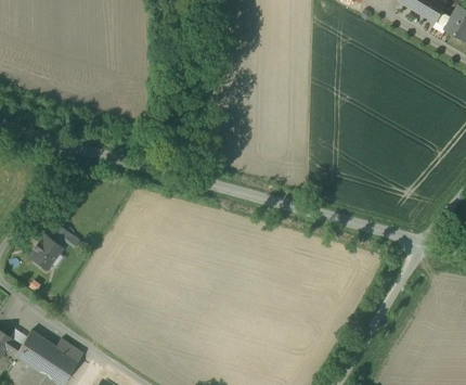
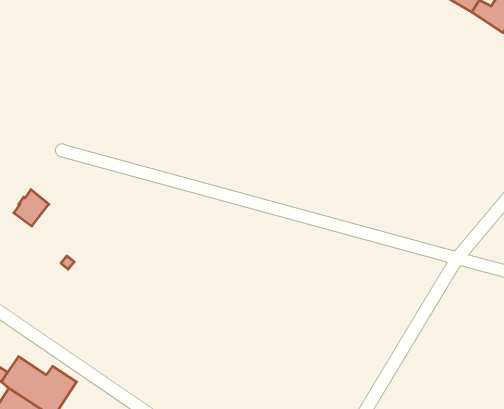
building: [30,235,62,268] -> [14,190,49,226]

